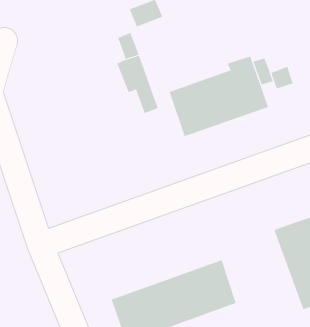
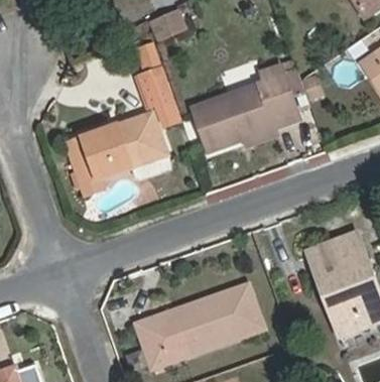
building: none -> [65,112,171,193]

